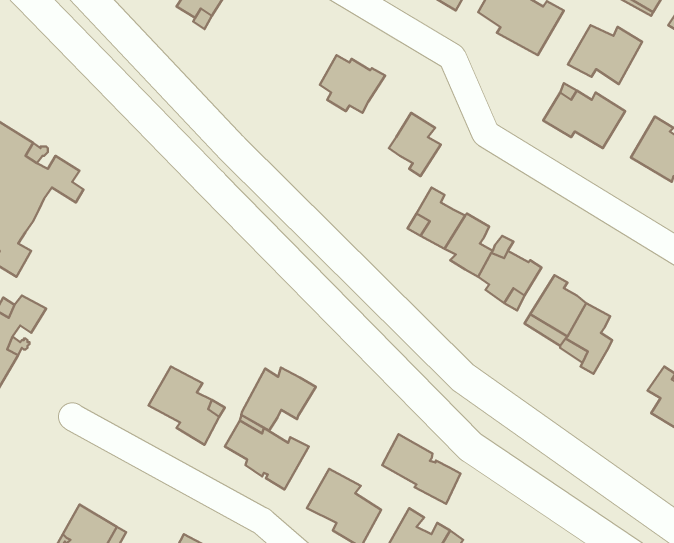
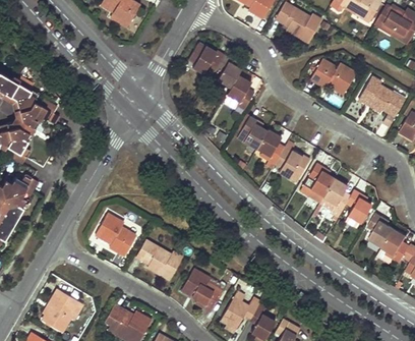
building: [568,25,642,84] -> none
building: none -> [215,54,241,88]
building: none -> [346,189,371,223]
building: [241,367,316,430] -> none
building: [382,434,461,504] -> none

